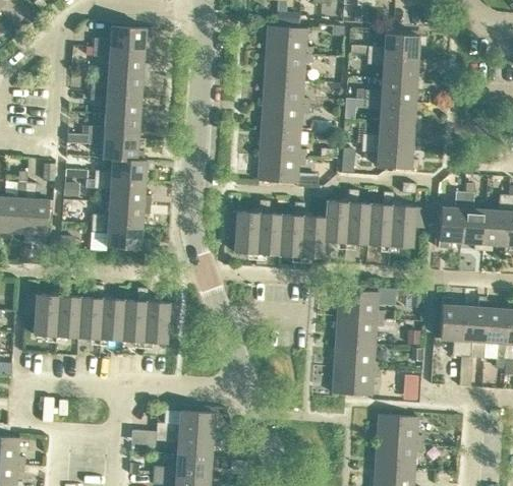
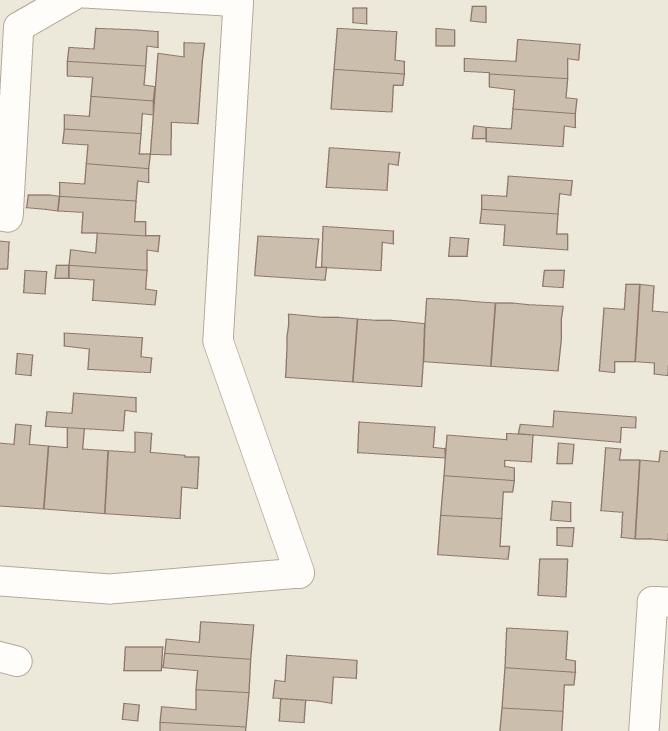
building: none -> [151,42,205,155]
building: [264,77,309,106] -> none
building: [364,99,421,124] -> none
building: [260,128,306,157] -> [255,236,327,280]
building: [92,201,151,226] -> [45,393,136,431]
building: none -> [519,411,636,443]
building: none -> [358,422,445,458]
building: [333,366,380,394] -> none
building: none -> [273,655,357,704]

